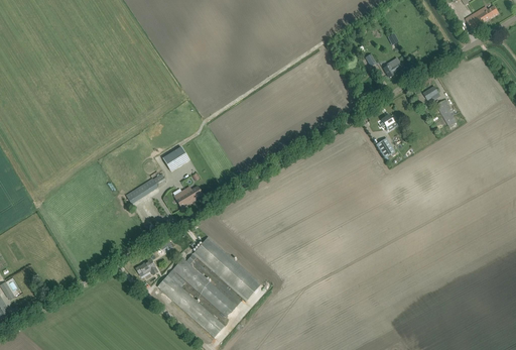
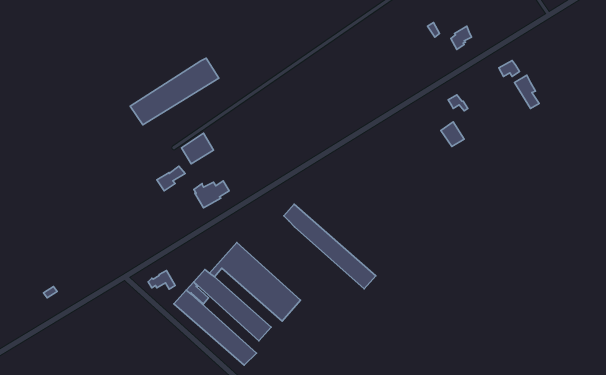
building: none -> [130,58,219,125]
building: none -> [284,204,376,289]

